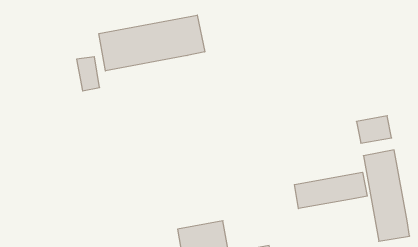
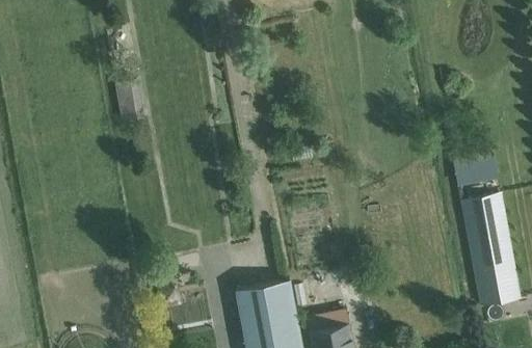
building: [99,15,205,71] -> none
building: [294,172,367,209] -> none

